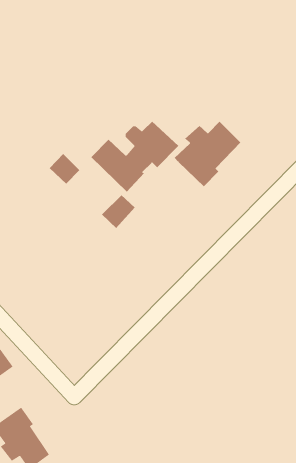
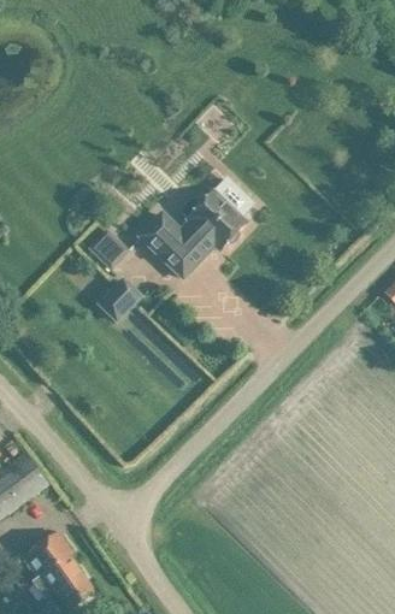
building: [174,121,241,187] -> none
building: [101,194,136,229] -> [99,279,140,320]

